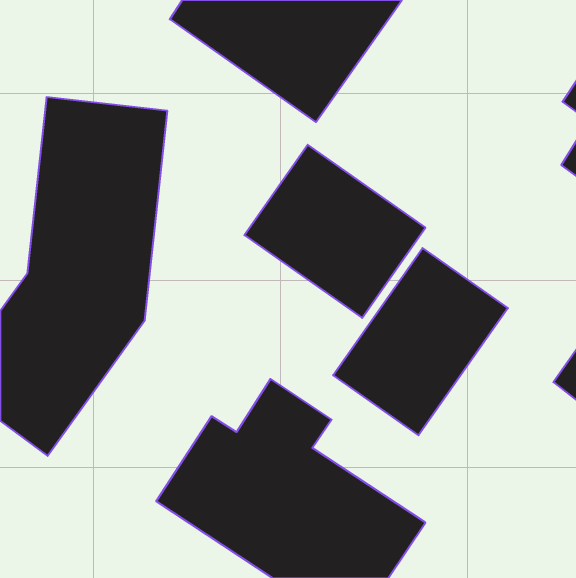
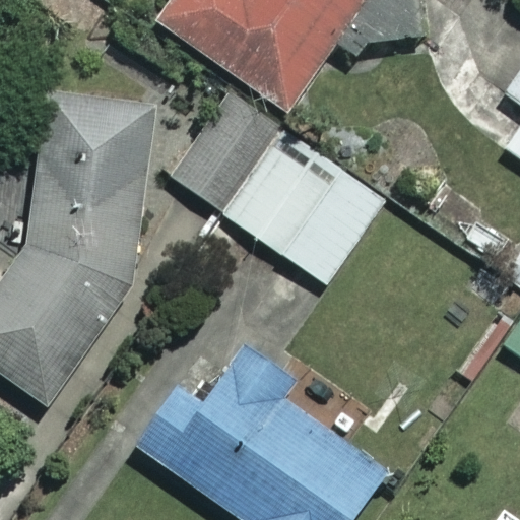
building: none -> [168,92,278,211]
building: [333,248,508,435] -> none

